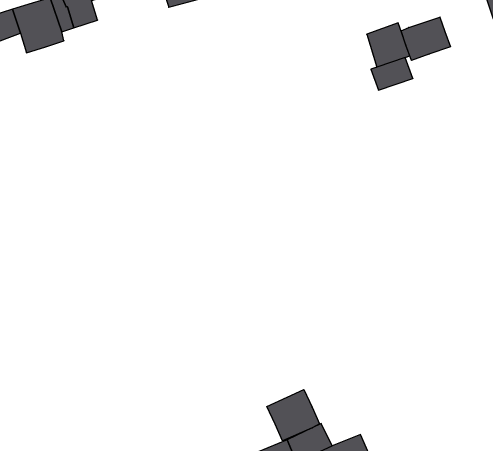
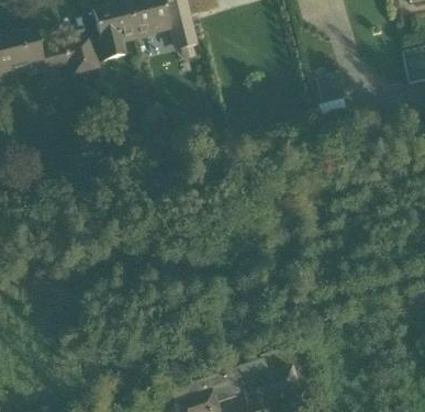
building: [401,17,450,60] -> none
building: [267,390,320,441] -> none

